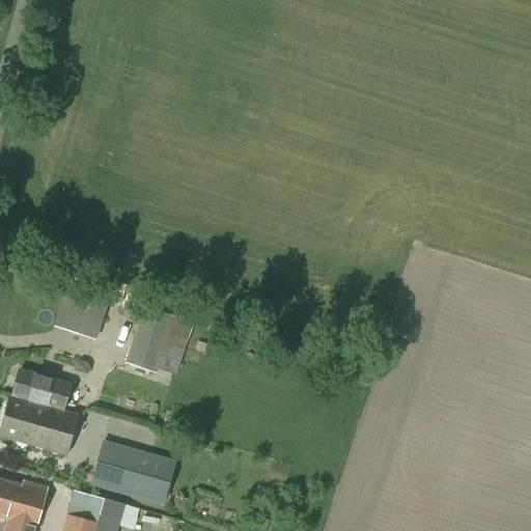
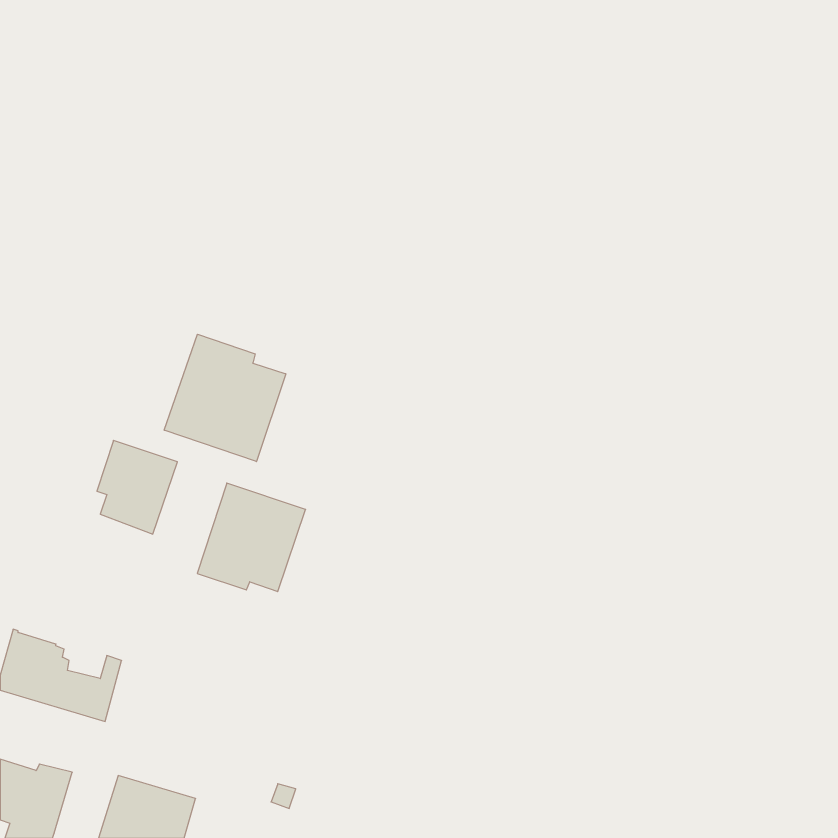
building: none -> [164,334,286,462]
building: [9,368,79,428] -> none
building: [90,440,175,505] -> none

